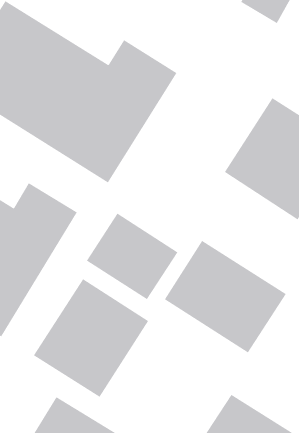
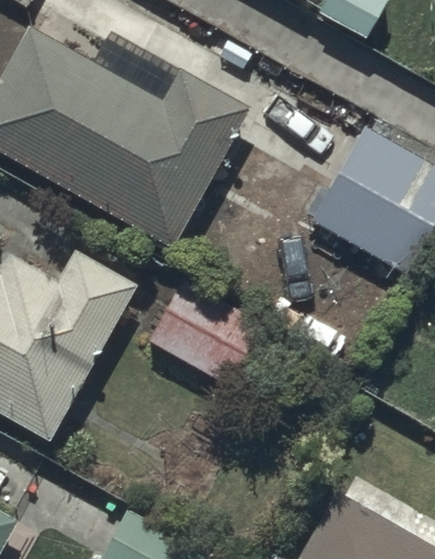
building: [164,240,287,354] -> none
building: [33,278,149,398] -> none

